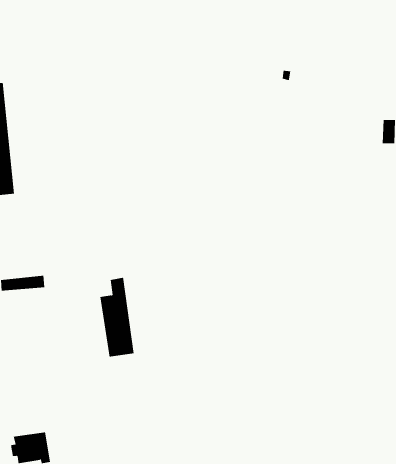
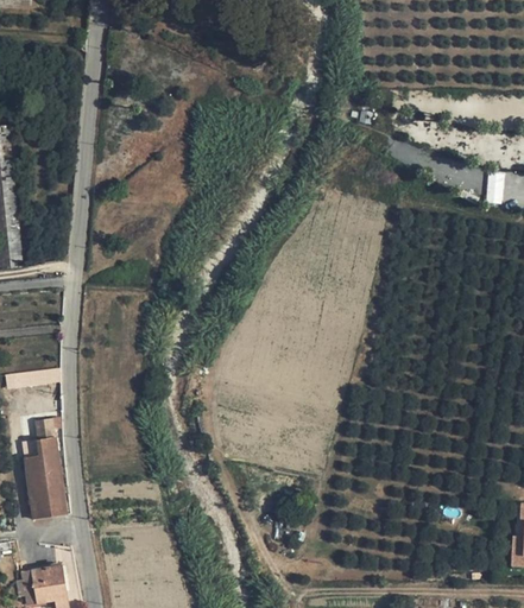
building: [99,277,134,357] -> [23,418,67,519]

